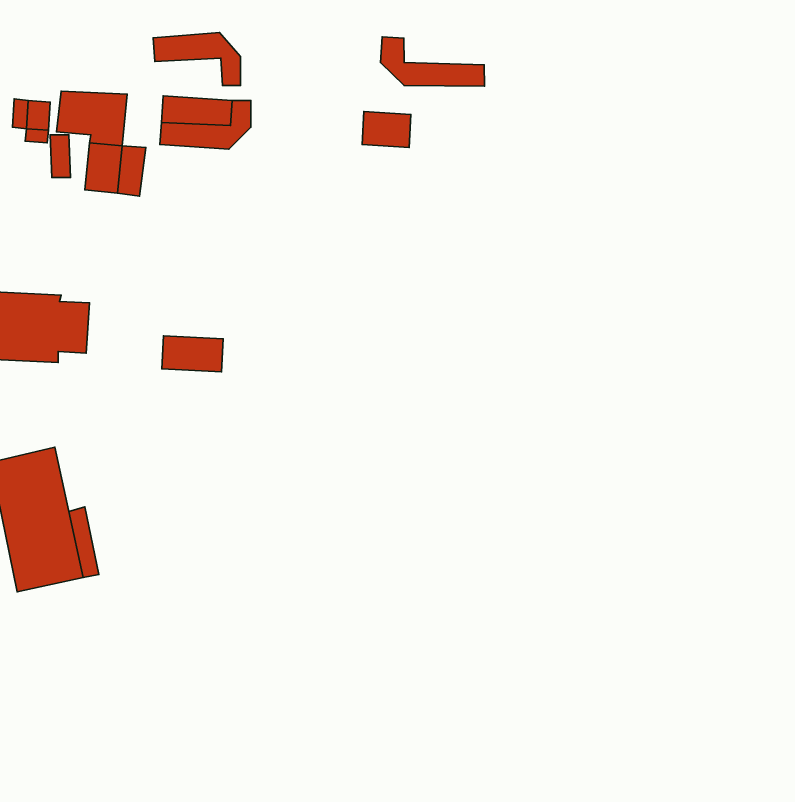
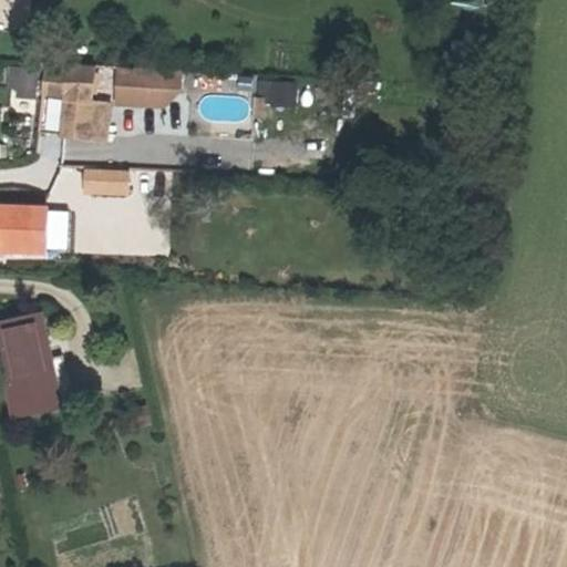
building: [153,33,240,85] -> none
building: [380,37,484,86] -> none
building: [162,336,223,372] -> [84,167,127,193]

